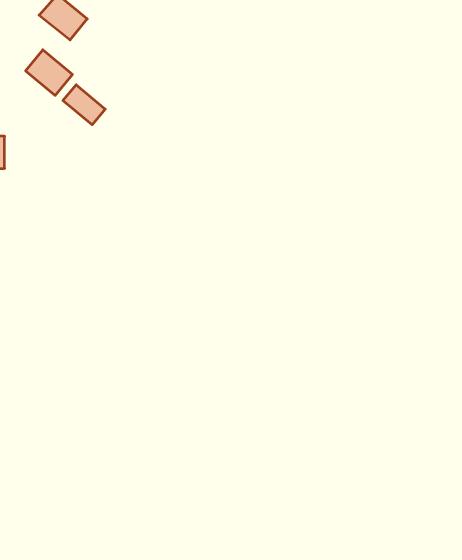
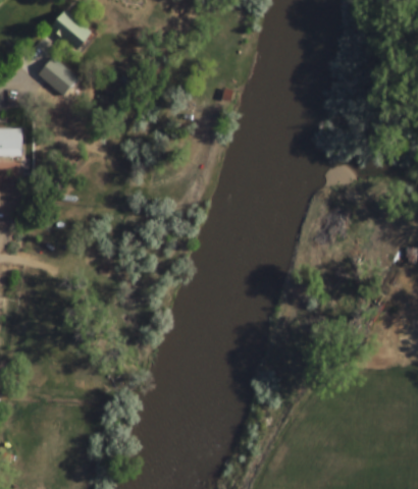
building: [63,85,105,125] -> none

